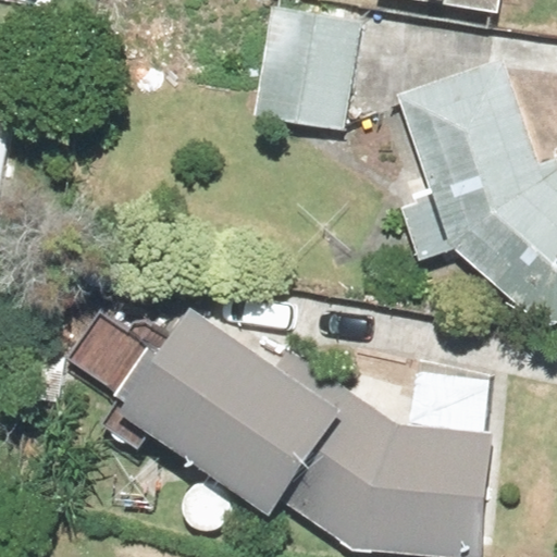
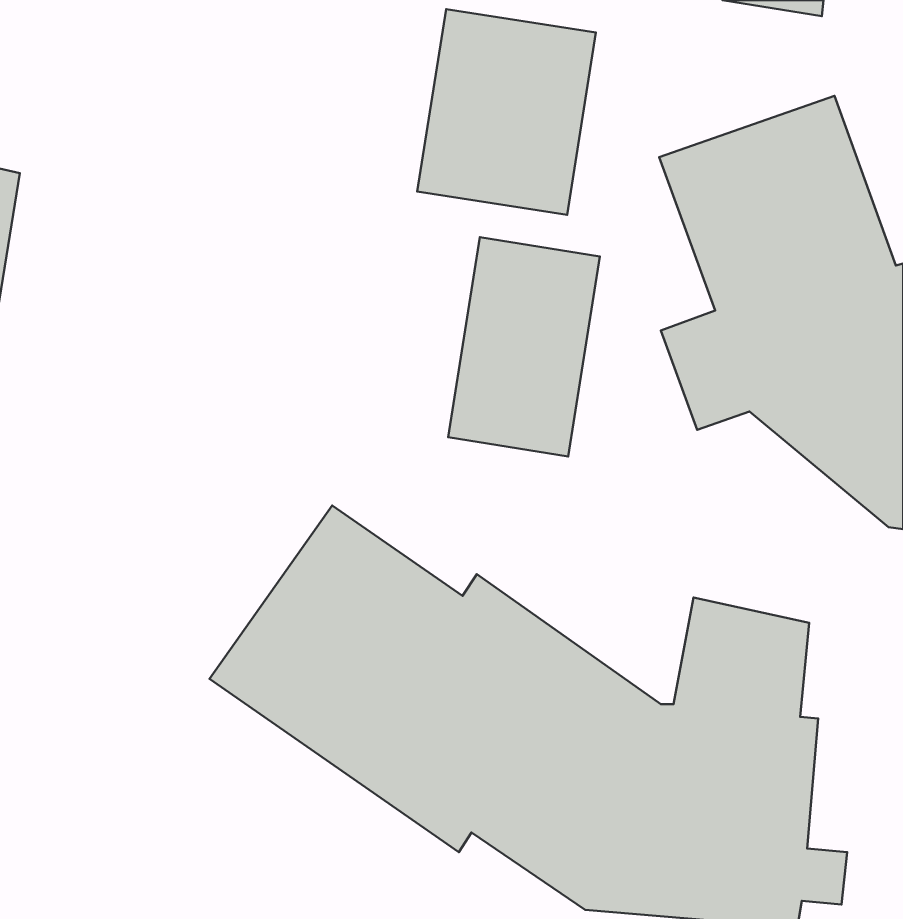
building: none -> [448,237,600,457]

